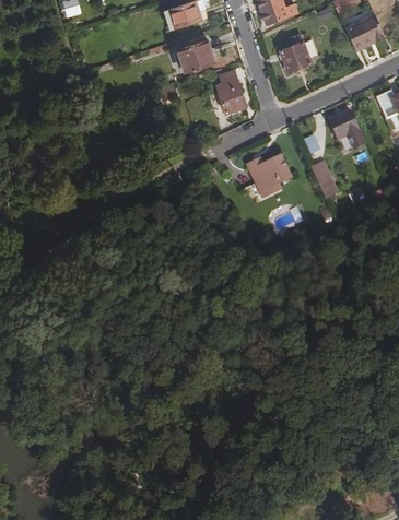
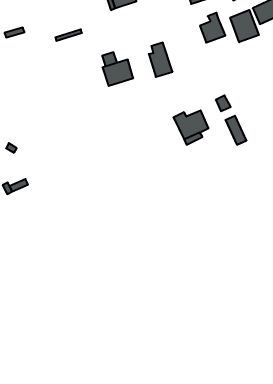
building: none -> [230,10,259,42]
building: [176,39,214,72] -> [102,60,133,86]
building: [329,109,365,149] -> none

